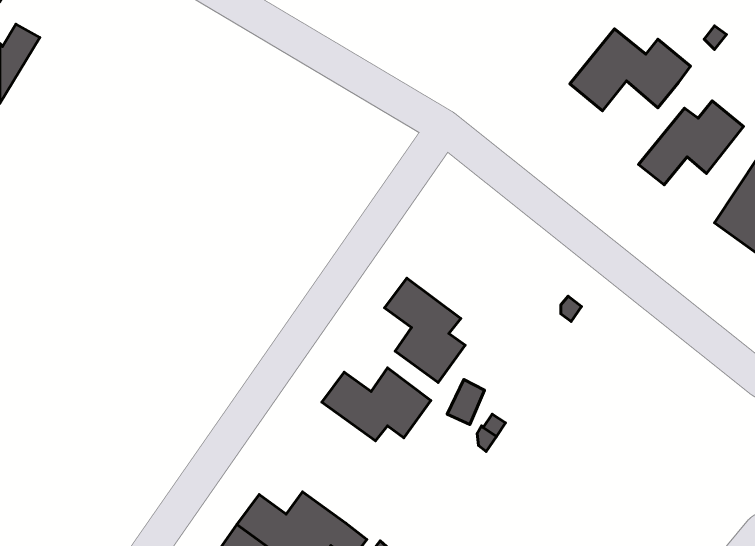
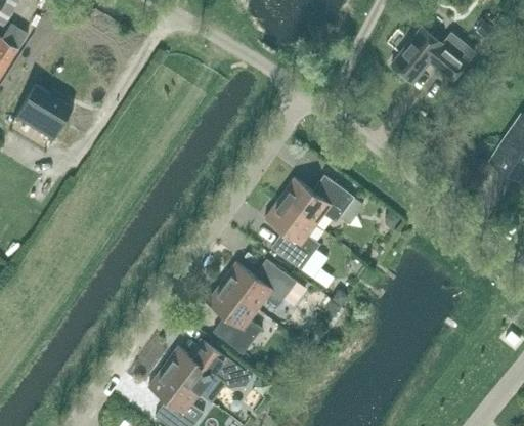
building: [638,101,744,185] -> none
building: none -> [12,85,73,144]
building: none -> [279,175,354,225]
building: none -> [207,283,261,354]

